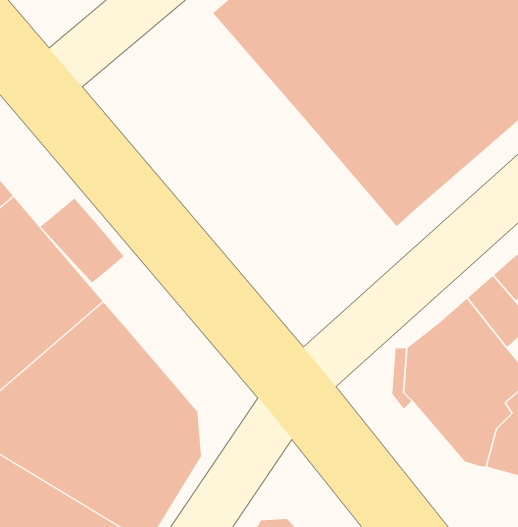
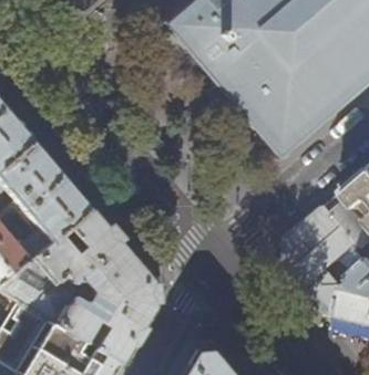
building: [40,197,125,284] -> none

